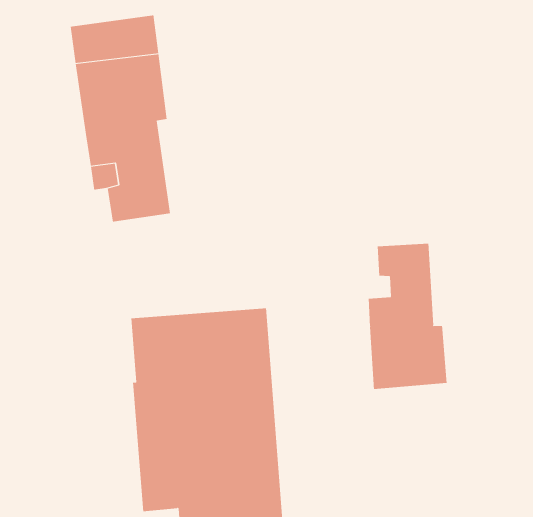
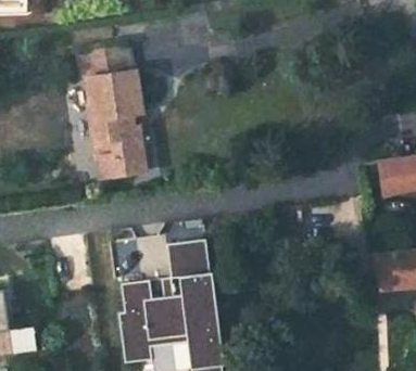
building: [368,243,447,390] -> none

